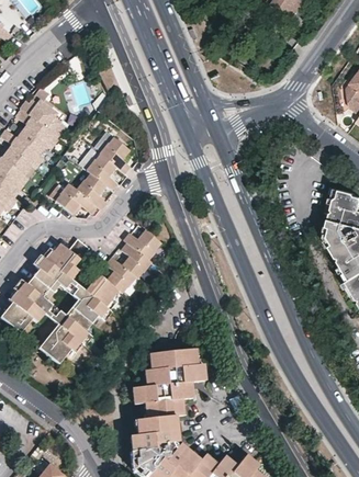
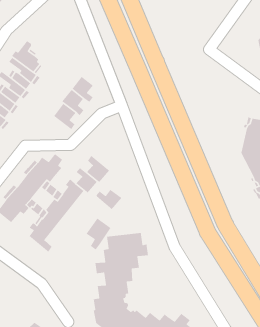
building: [55,185,91,214] -> none
building: [124,231,160,260] -> [95,189,123,210]
building: none -> [86,218,112,251]

